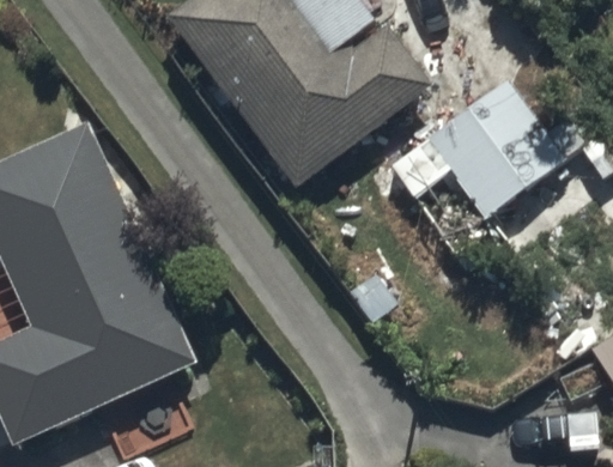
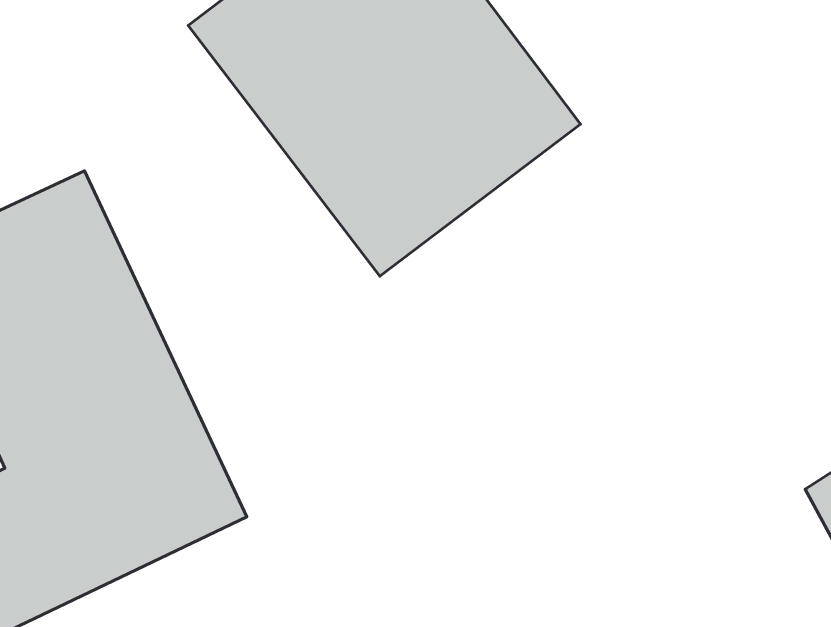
building: [425,79,565,219] -> none

